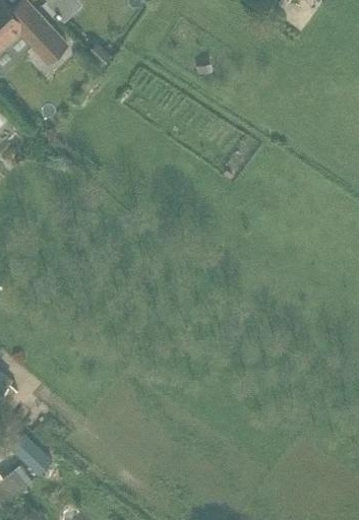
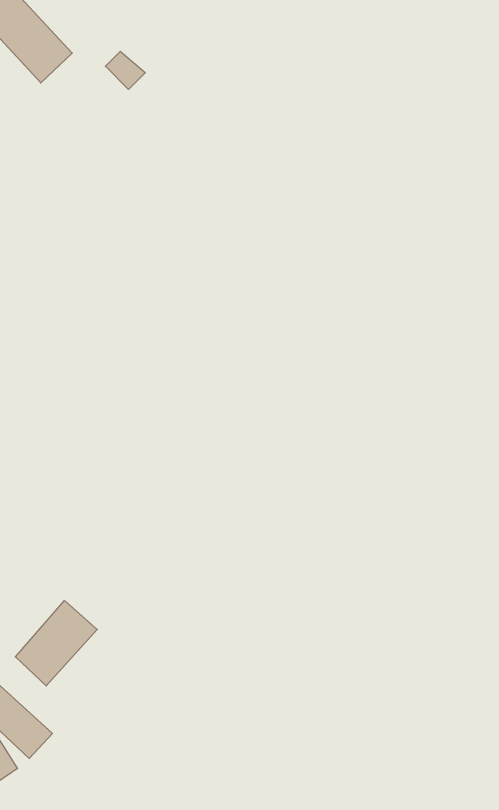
building: none -> [15,601,97,686]

